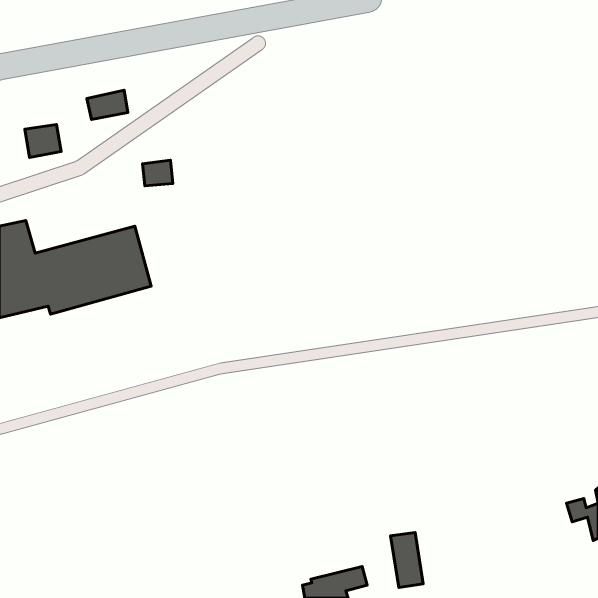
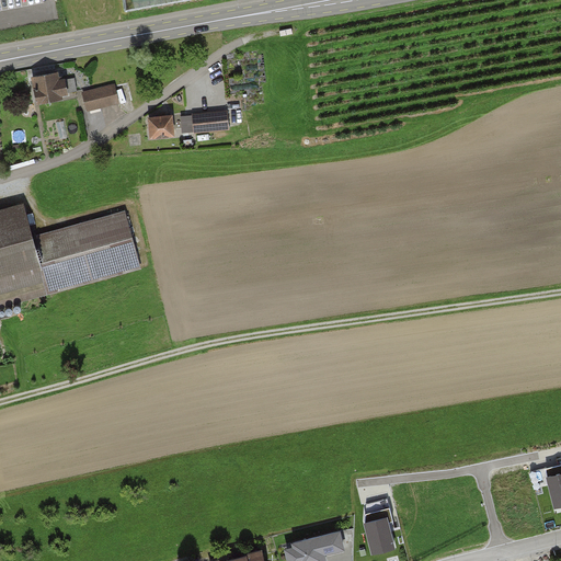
building: none -> [194,111,228,133]
building: [25,125,61,157] -> [30,72,64,103]
building: [142,160,173,186] -> [146,114,174,138]

